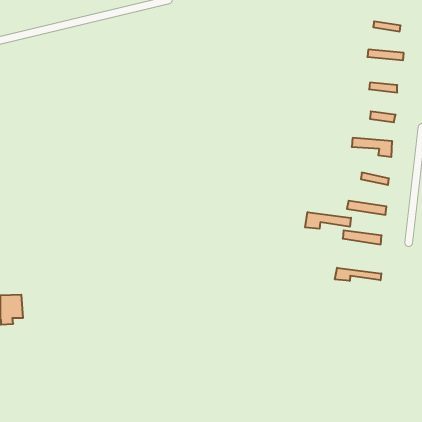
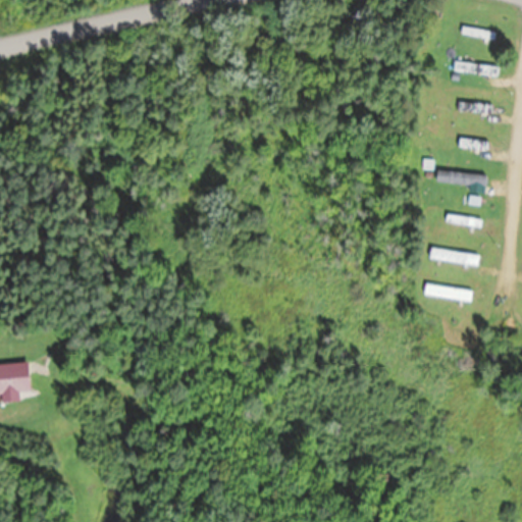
building: [305,212,351,229] -> none
building: [335,268,381,281] -> none

